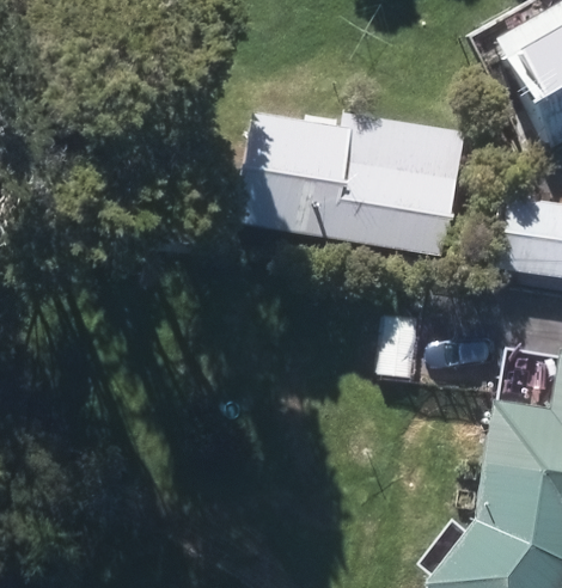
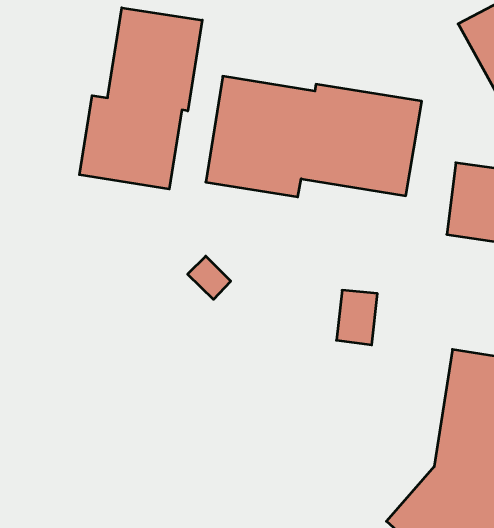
building: none -> [79,8,202,189]

